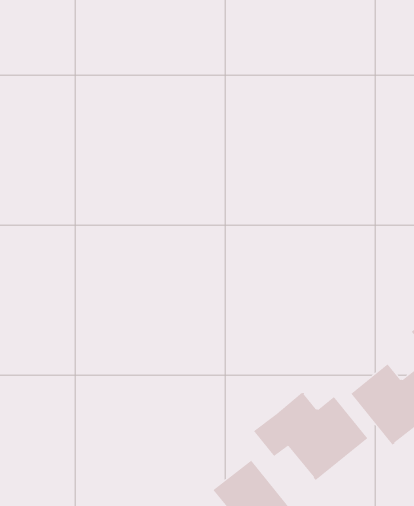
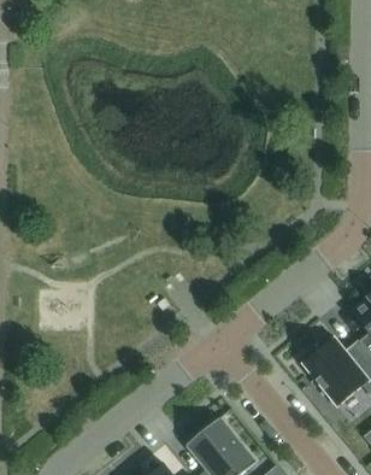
building: [253,391,368,481] -> none

